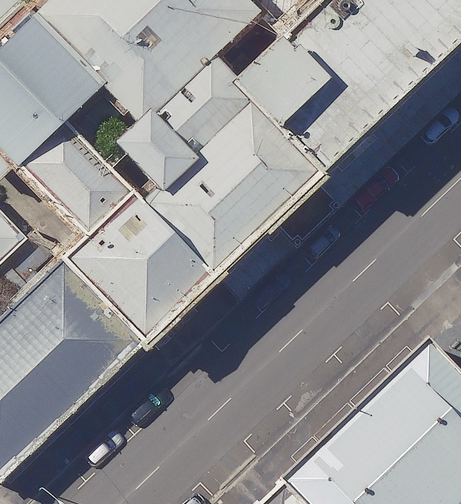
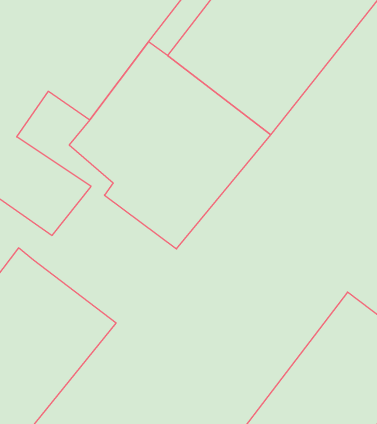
building: [66,205,213,348] -> none

